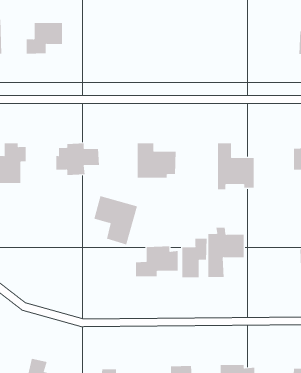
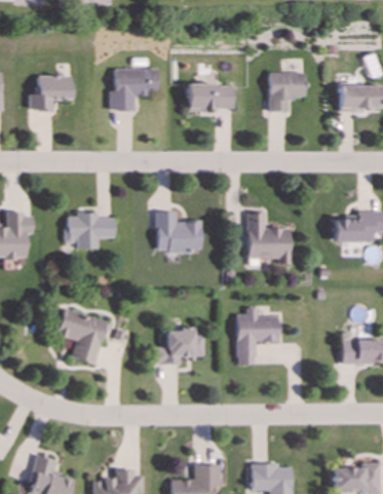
building: none -> [110,68,159,110]
building: none -> [270,72,305,111]
building: none -> [189,83,233,110]
building: [93,195,138,245] -> [56,308,107,365]
building: [182,238,207,278] -> none

